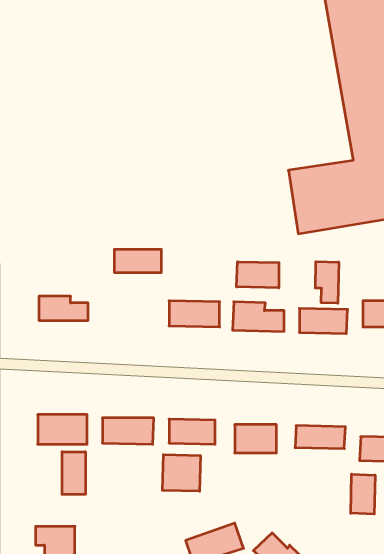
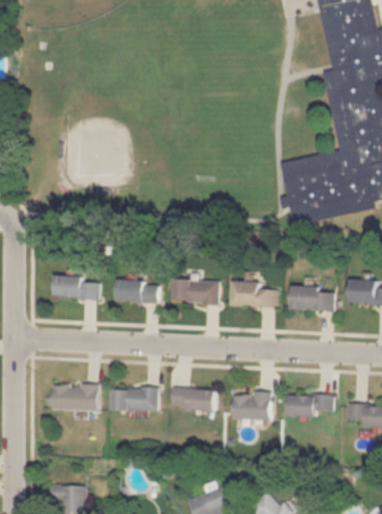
building: [114,249,161,272] -> [114,280,157,301]
building: [315,262,339,303] -> none
building: [237,262,279,288] -> none
building: [62,452,85,494] -> none
building: [162,455,200,491] -> none
building: [351,474,375,514] -> none

